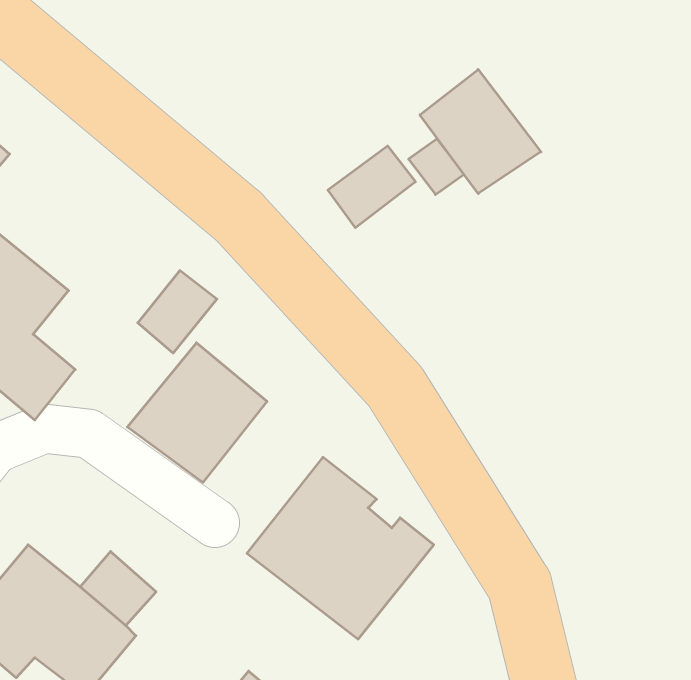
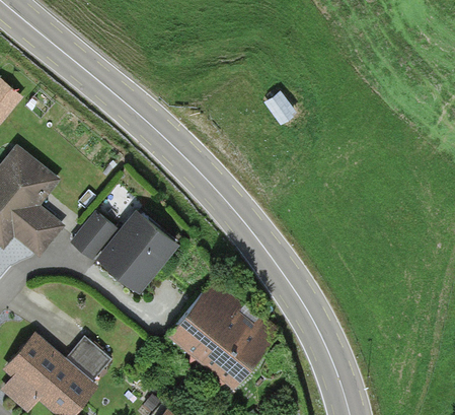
building: [420,69,541,194] -> none
building: [328,146,415,228] -> none
building: [138,271,217,353] -> [70,210,118,260]

